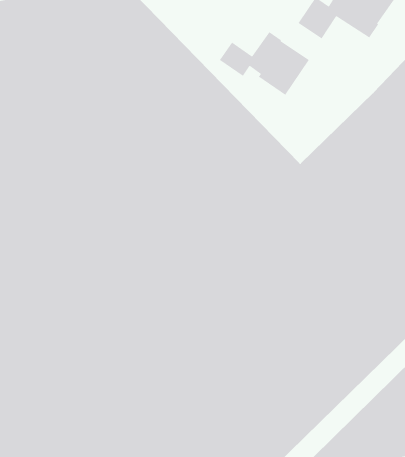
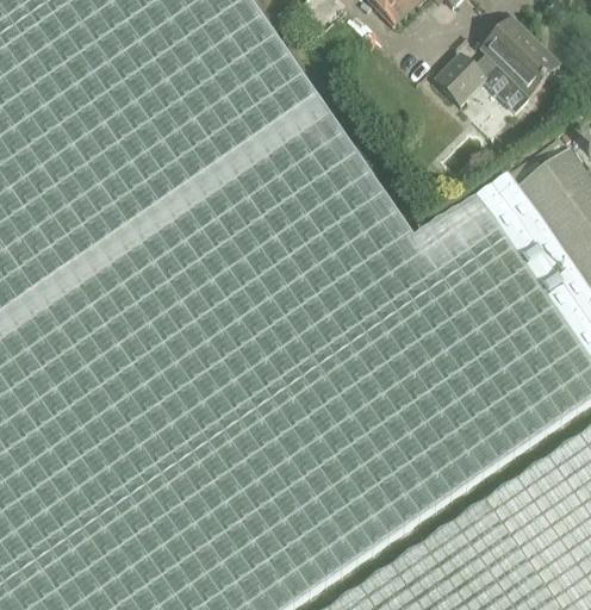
building: [219,31,310,96] -> none

